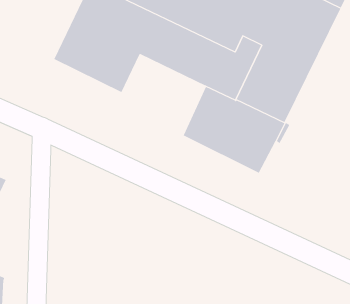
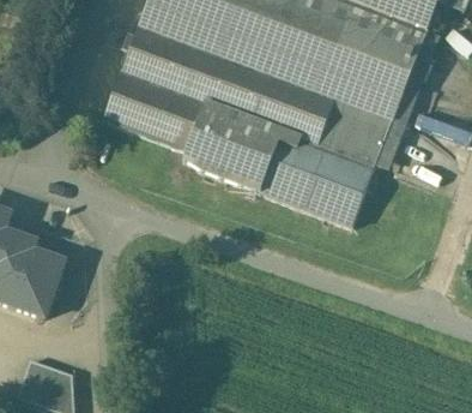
building: none -> [182,101,280,188]

